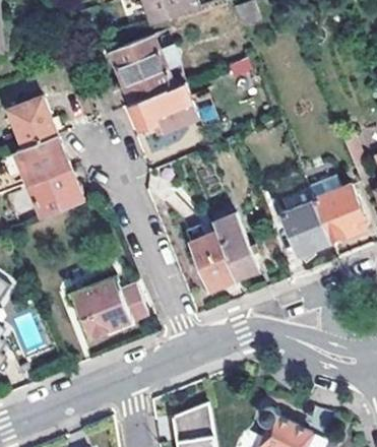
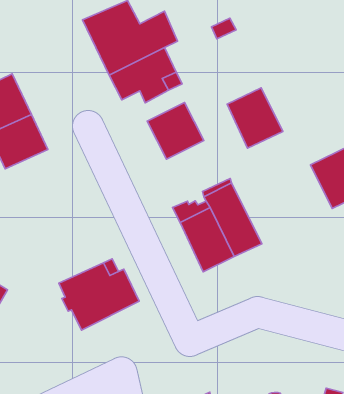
building: none -> [147,103,204,159]
building: [29,171,82,217] -> none
building: [279,200,329,255] -> [227,88,283,148]

